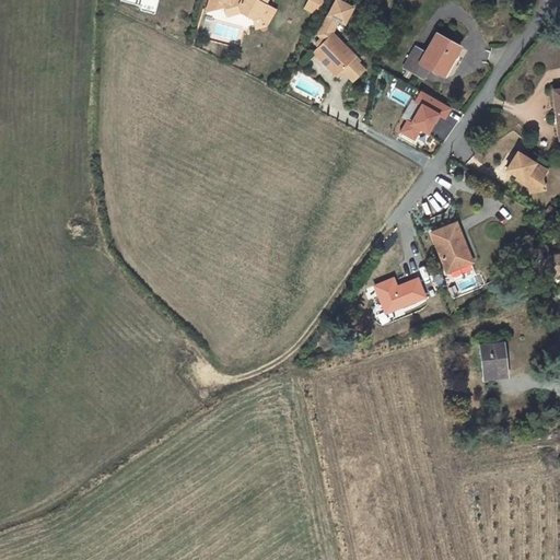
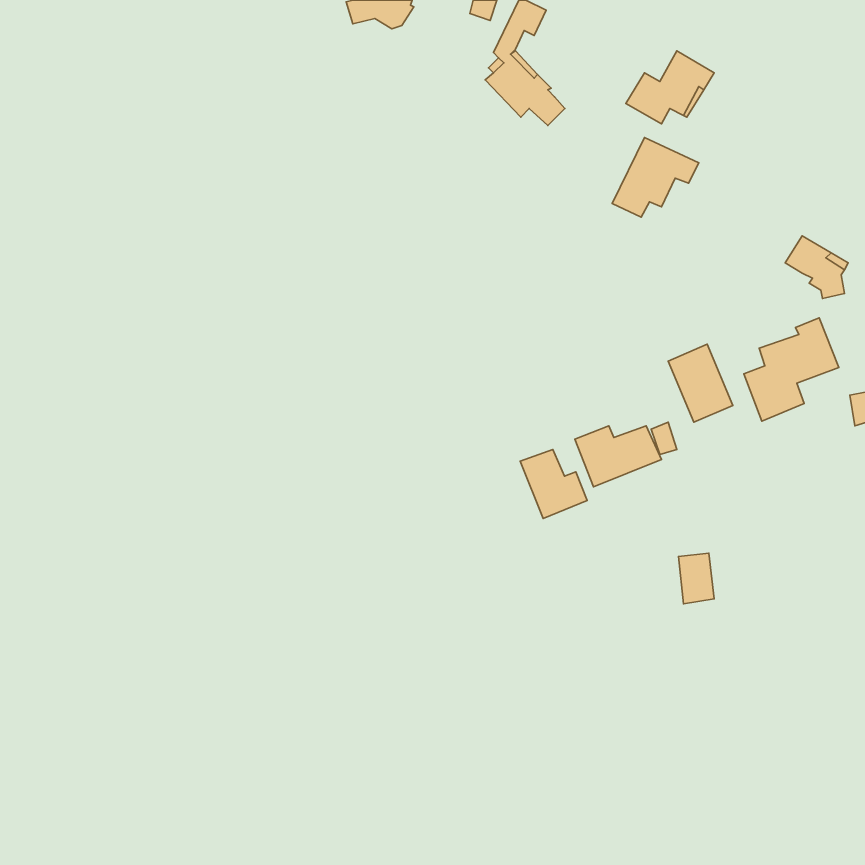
building: none -> [744,318,839,421]
building: none -> [520,450,587,519]
building: [482,345,505,377] -> [678,553,714,604]

